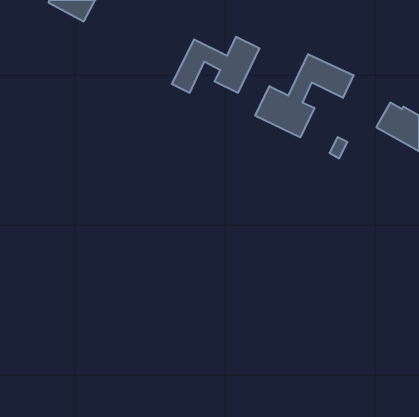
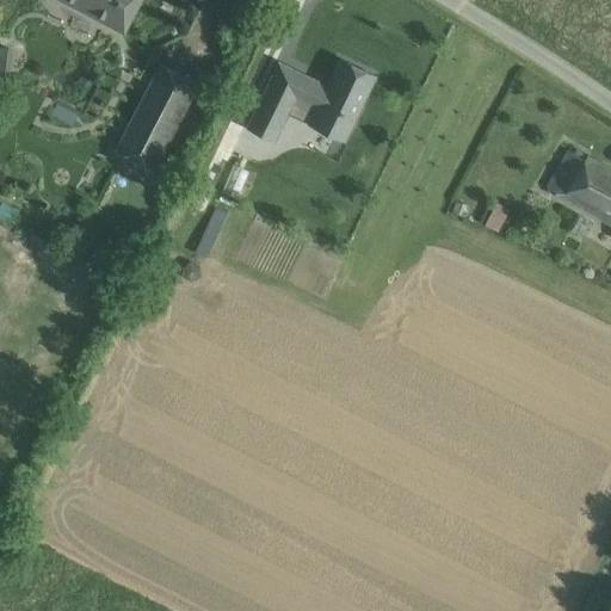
building: none -> [116,68,196,172]
building: [255,54,354,137] -> none

